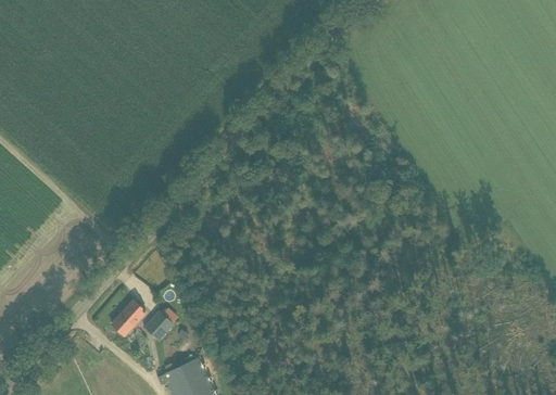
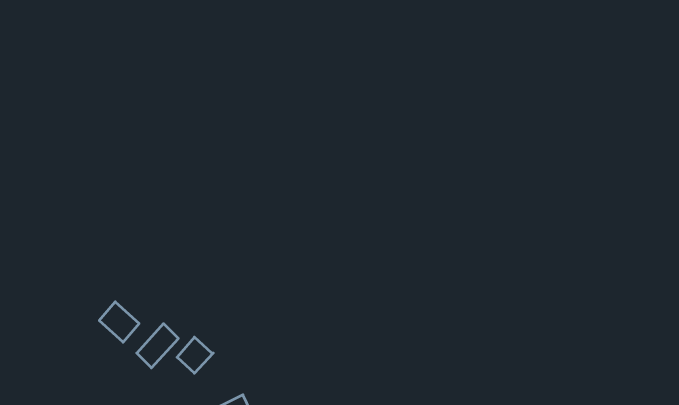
building: none -> [99,302,139,342]

